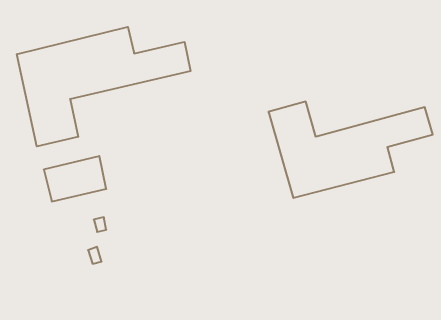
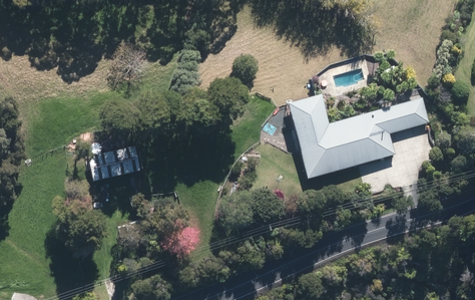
building: [17,27,191,146] -> none

